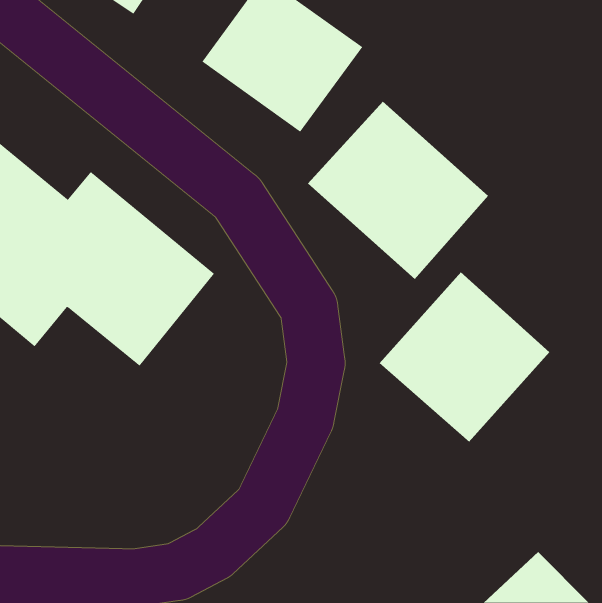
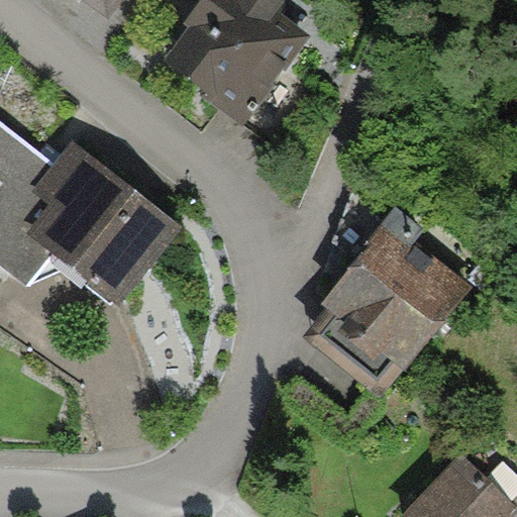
building: [307,101,489,280] -> none

